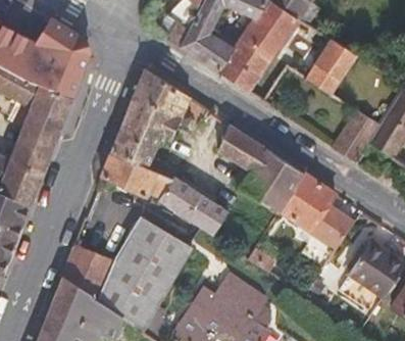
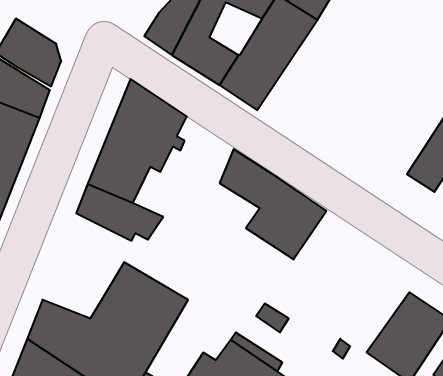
building: [306,40,356,94] -> none
building: [333,110,382,162] -> none
building: [280,174,355,267] -> none
building: [158,176,229,236] -> none

